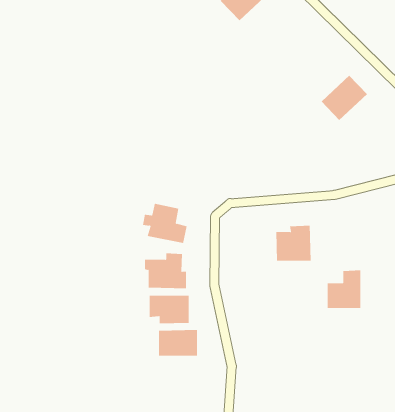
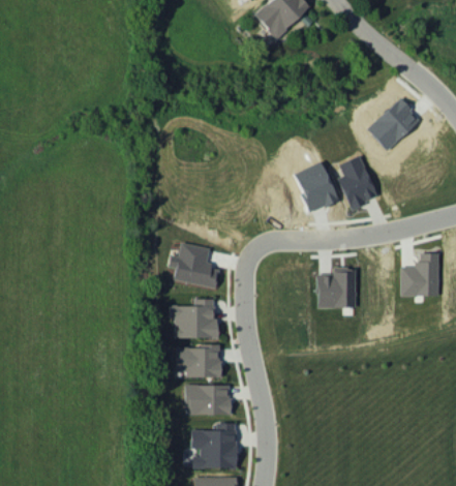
building: none -> [337,155,379,210]
building: none -> [293,162,337,213]
building: [327,270,361,309] -> [400,253,438,297]
building: none -> [190,423,236,468]

